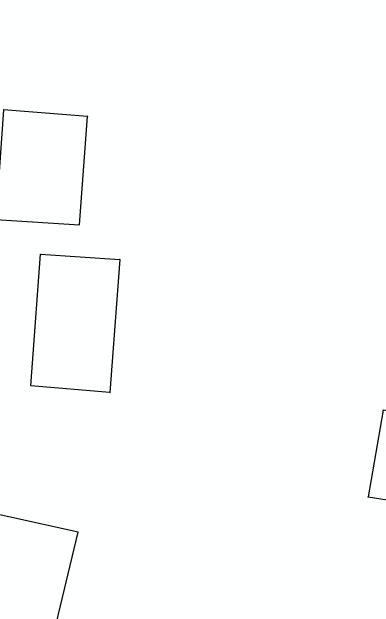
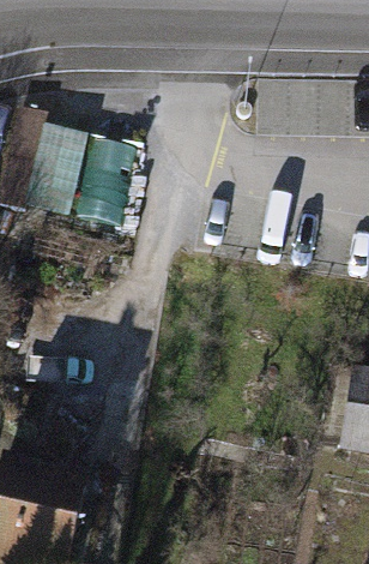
building: [31,254,120,393] -> none

